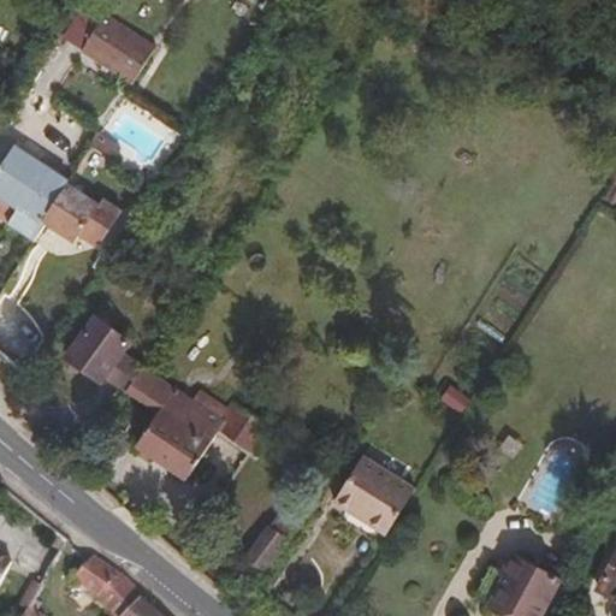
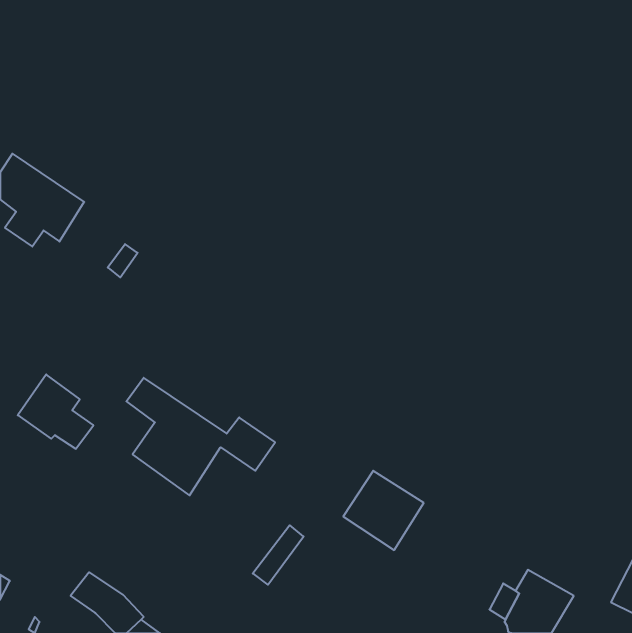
building: [79,10,154,77] -> none
building: [59,196,119,249] -> none
building: [67,318,141,390] -> [18,374,93,449]

